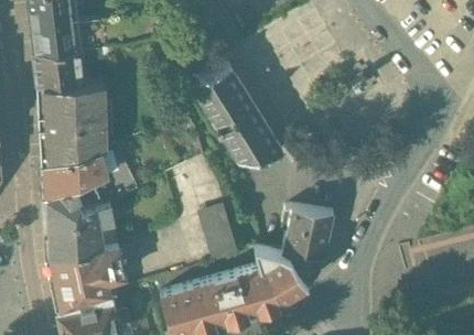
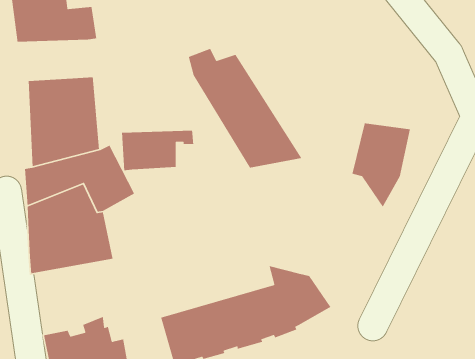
building: [34,53,98,89] -> [121,130,194,171]
building: [202,204,236,258] -> none
building: [282,212,334,287] -> [352,123,411,208]
building: [46,245,125,311] -> none

